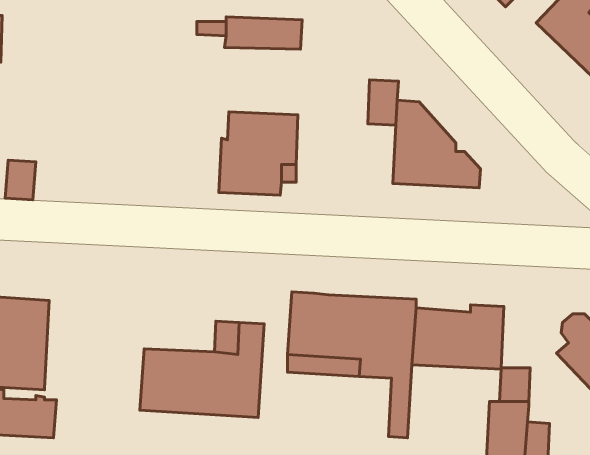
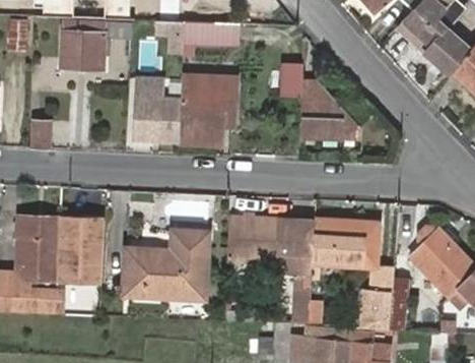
building: none -> [60,21,130,70]
building: none -> [132,78,181,143]
building: none -> [58,219,105,282]

